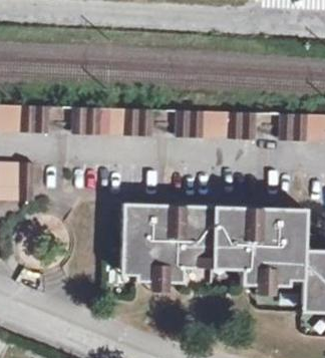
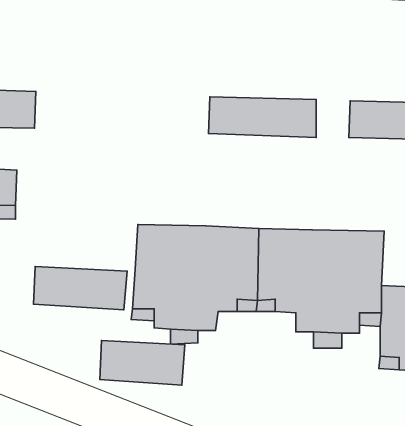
building: [73,106,153,136] -> none
building: none -> [33,267,127,310]
building: none -> [100,341,185,385]

